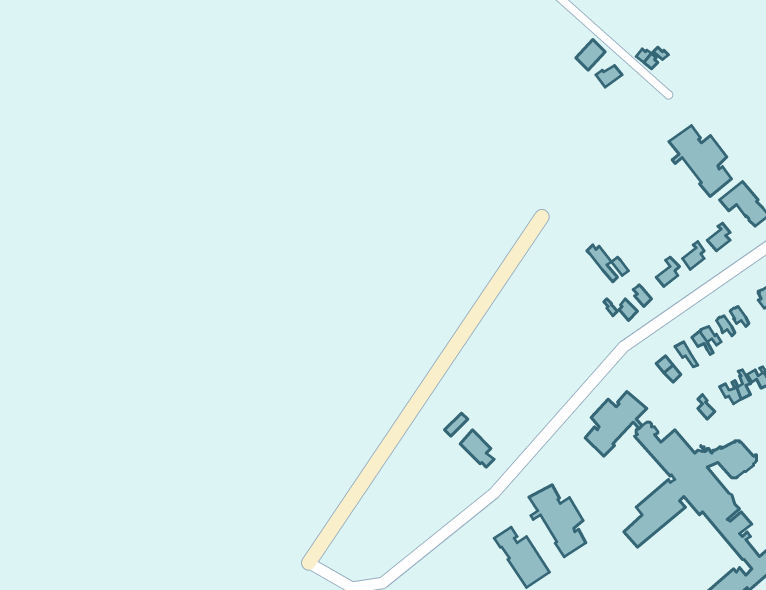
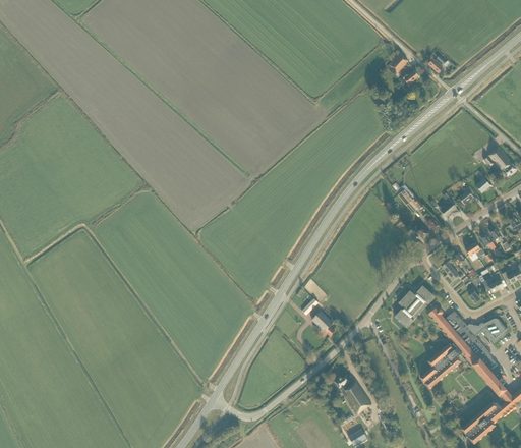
building: [669,125,731,197] -> none
building: [529,485,586,557] -> none

